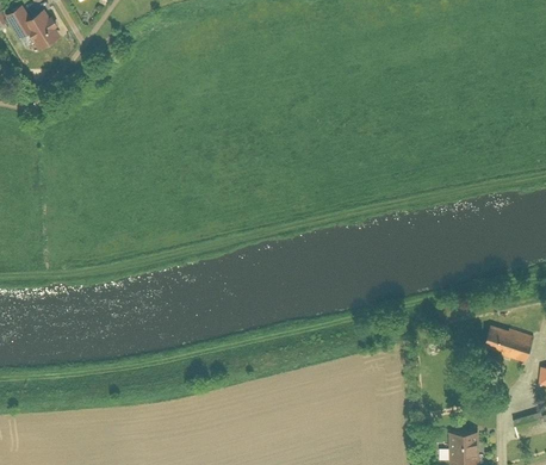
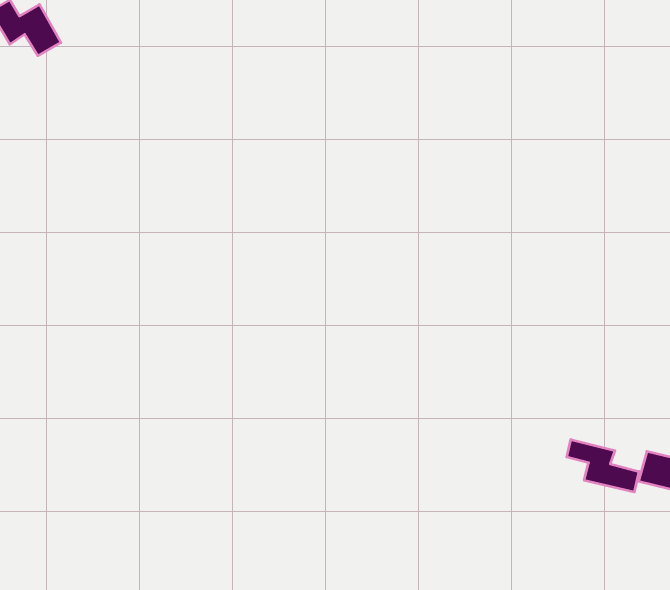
building: none -> [567,439,639,492]

